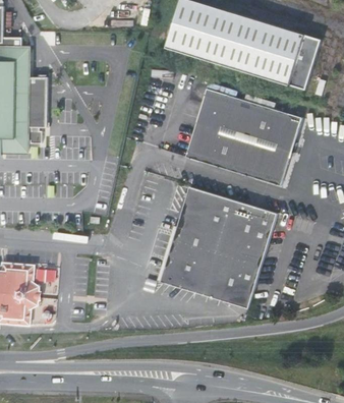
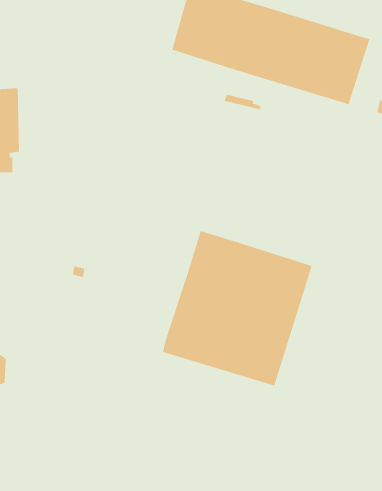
building: [186,89,300,183] -> none

